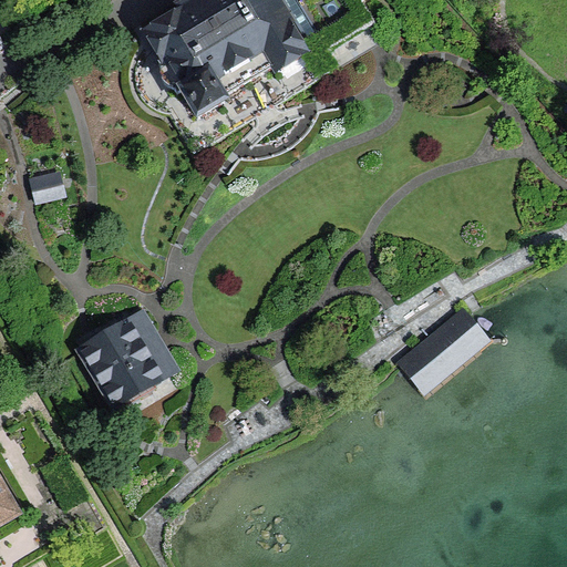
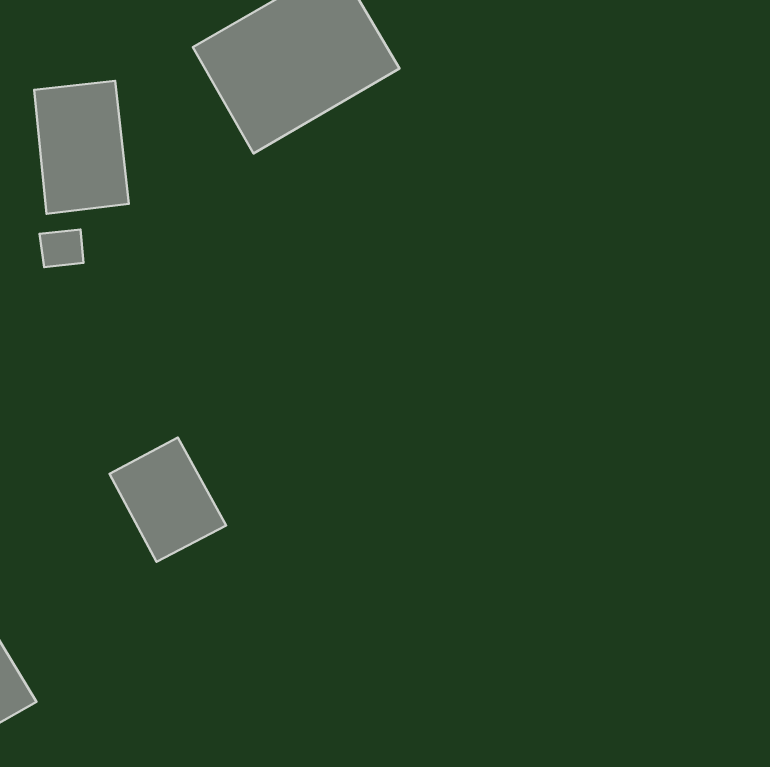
building: none -> [34,81,129,214]
building: [393,302,491,393] -> none

